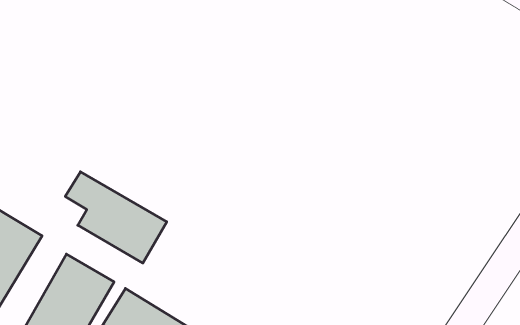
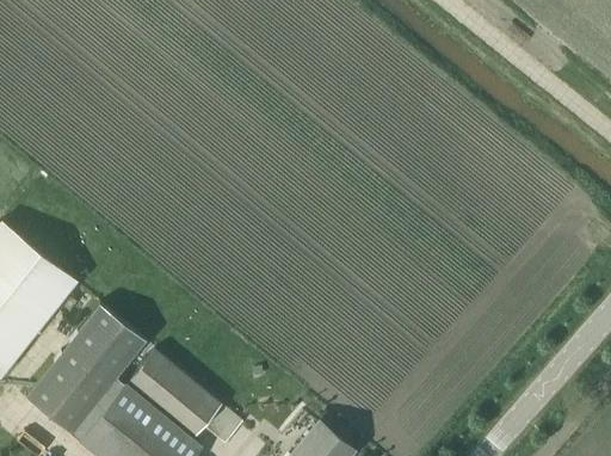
building: [65,172,167,263] -> none

